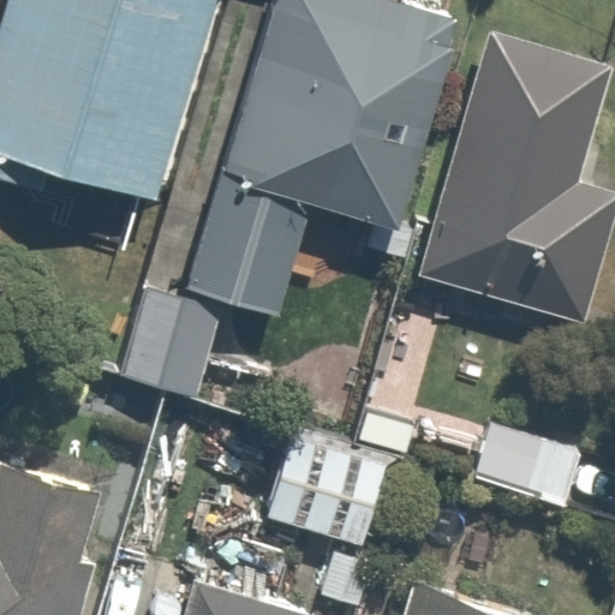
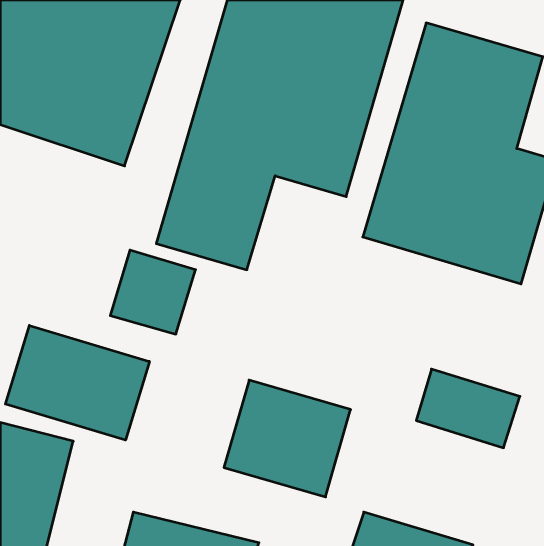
building: none -> [5,325,149,440]

